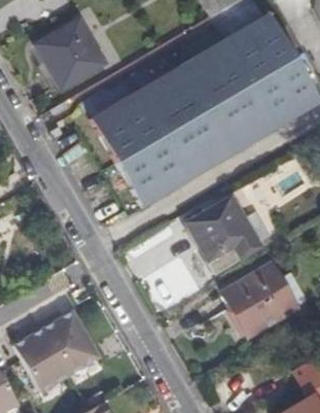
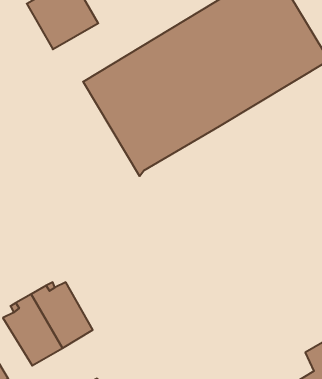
building: [188,197,274,268] -> none
building: [222,266,294,336] -> none

